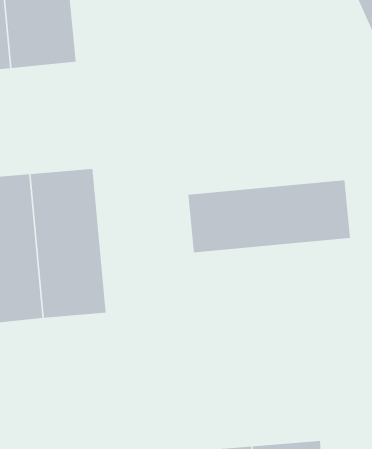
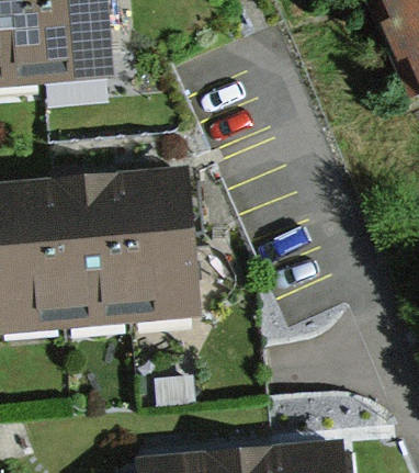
building: none -> [116,169,192,317]
building: [188,180,351,253] -> none

